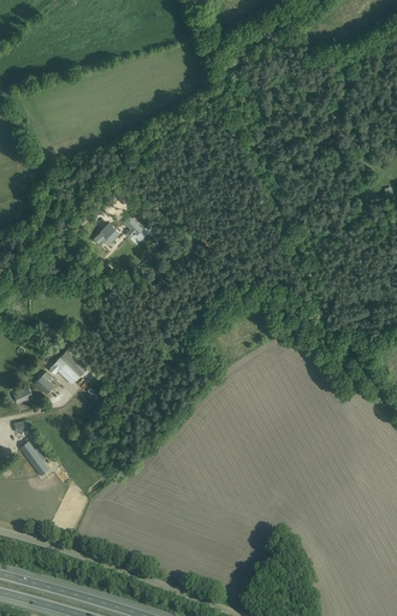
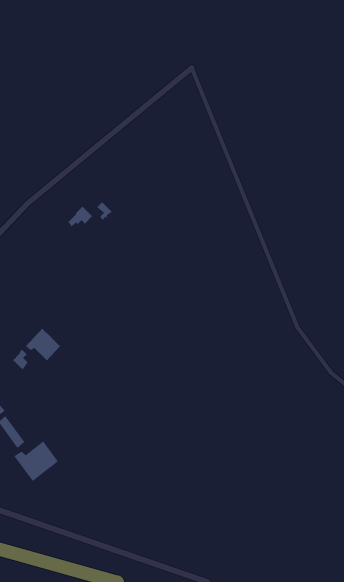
building: none -> [14,440,58,482]

